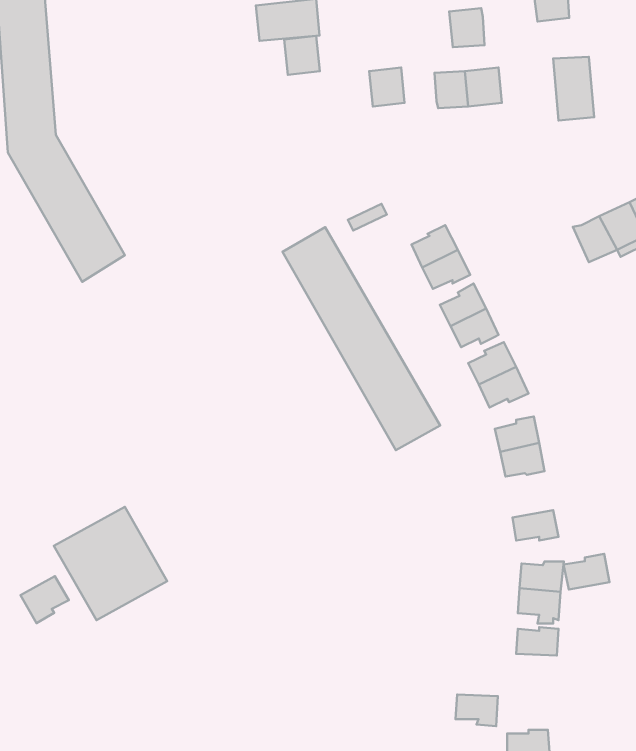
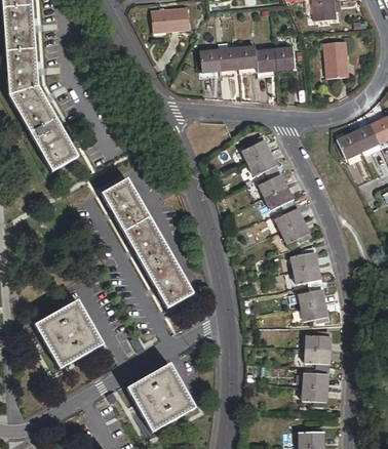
building: [449,8,485,47] -> [237,45,258,68]
building: [284,36,320,75] -> [200,49,221,72]
building: [283,227,440,450] -> [102,178,193,308]
building: [564,554,610,589] -> [299,287,325,308]
building: [20,576,69,623] -> none
building: none -> [128,364,193,431]
building: [455,694,498,726] -> [303,386,327,405]

